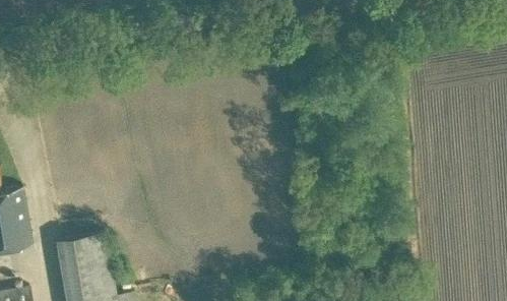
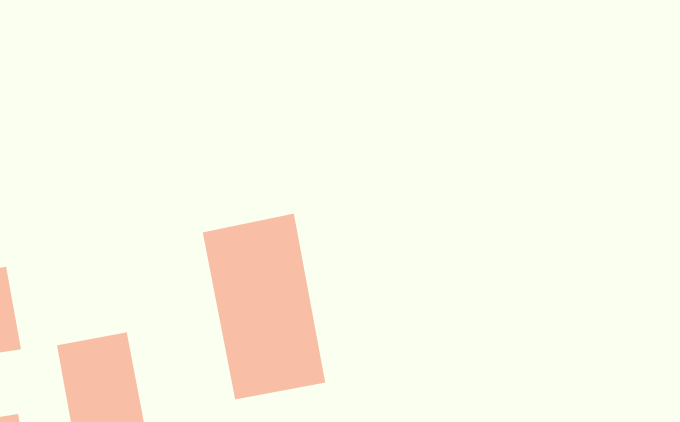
building: none -> [202,213,326,400]

